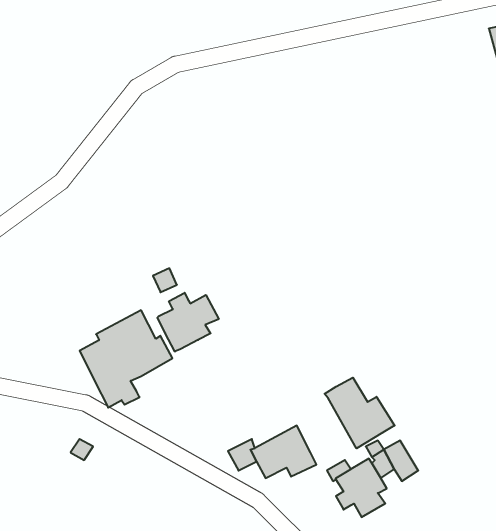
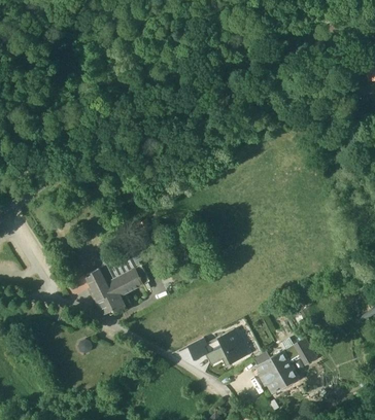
building: [157,293,219,352] -> none
building: [325,378,395,448] -> none

